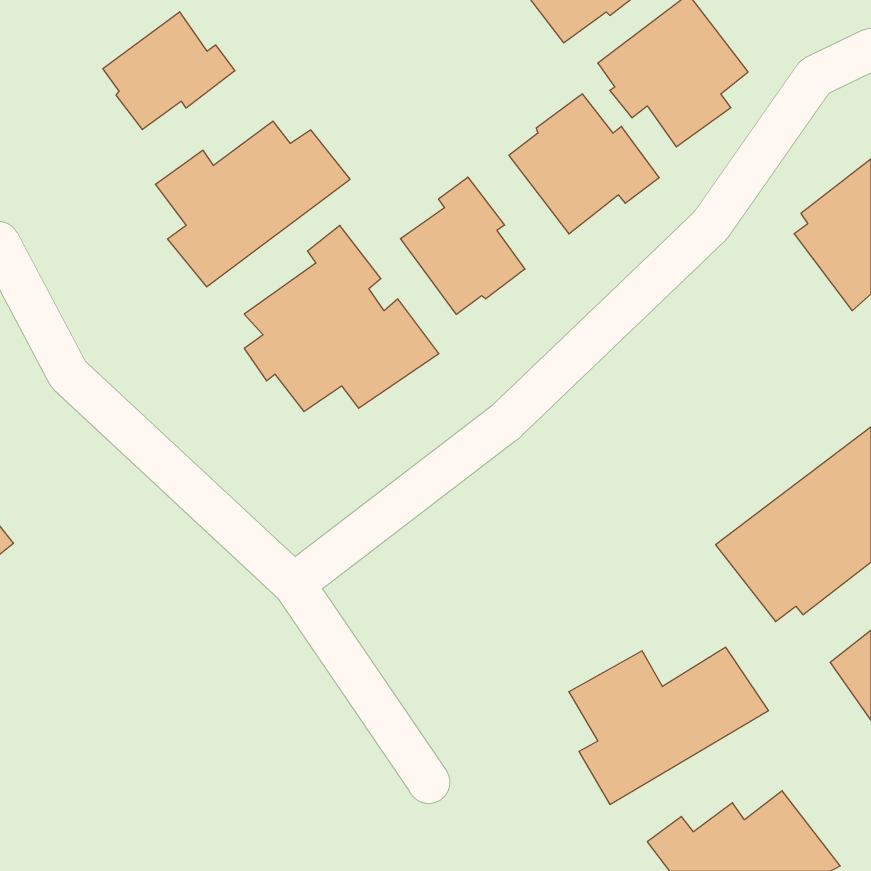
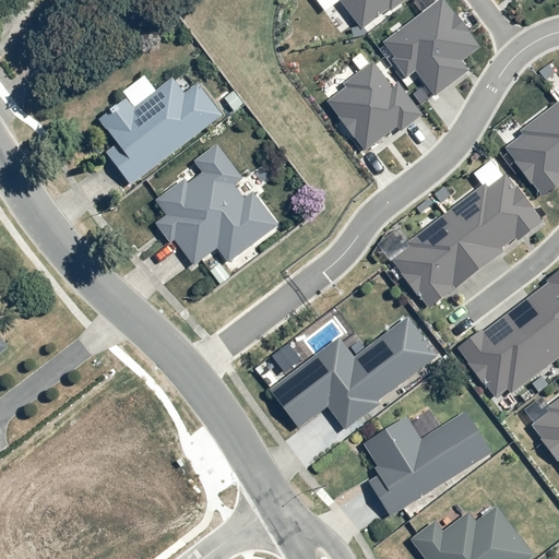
building: [103,12,235,130] -> none
building: [400,177,525,314] -> none
building: none -> [393,176,544,310]
building: none -> [272,316,438,427]

